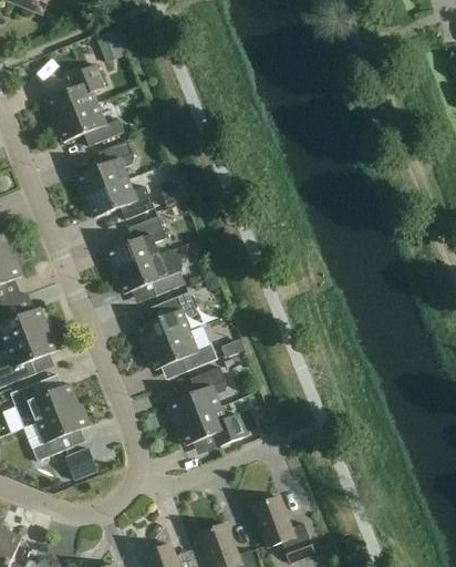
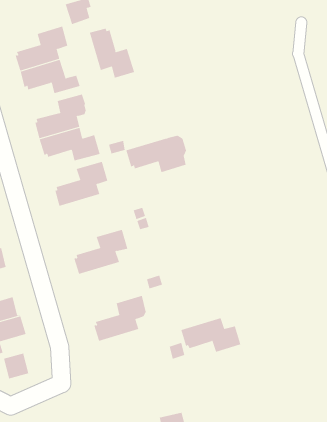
building: none -> [89,28,135,78]
building: [112,250,184,296] -> [126,135,187,173]
building: [143,331,217,372] -> none
building: [174,406,246,447] -> [181,318,241,352]

